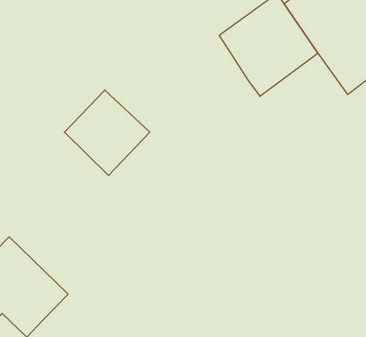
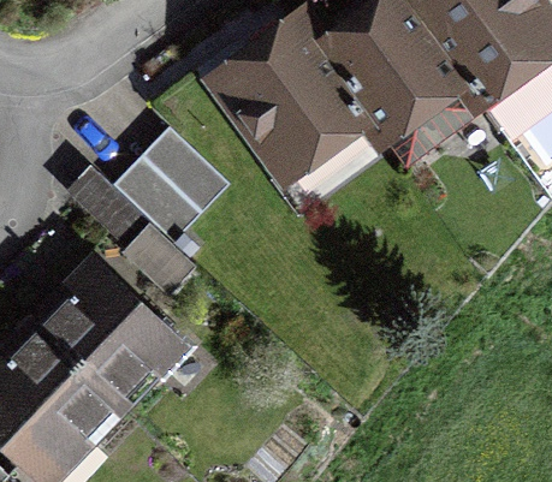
building: none -> [219,22,363,171]
building: none -> [36,267,189,405]

